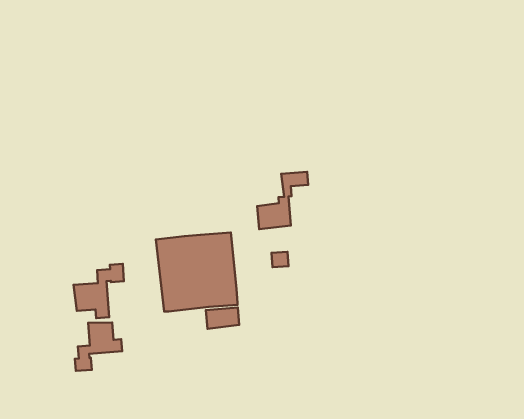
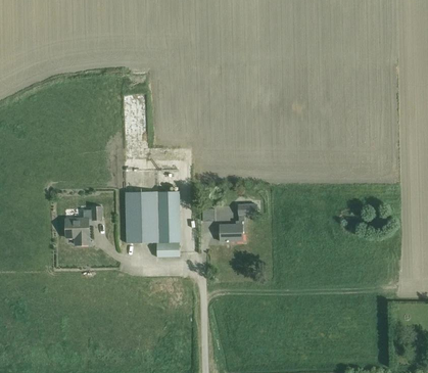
building: [257,172,308,229] -> [219,204,255,242]
building: [75,322,122,371] -> none

